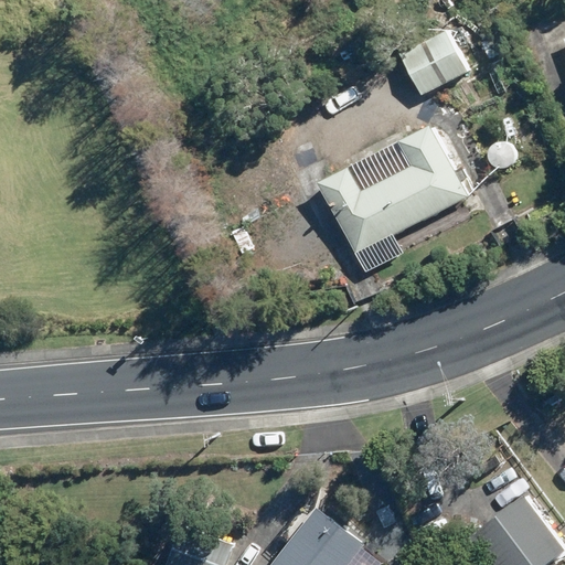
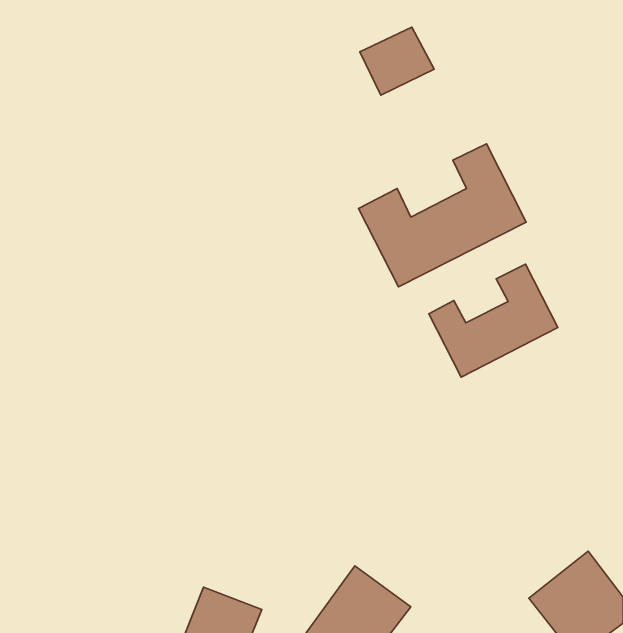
building: [402,35,468,96] -> [360,27,434,95]
building: none -> [429,264,558,377]

